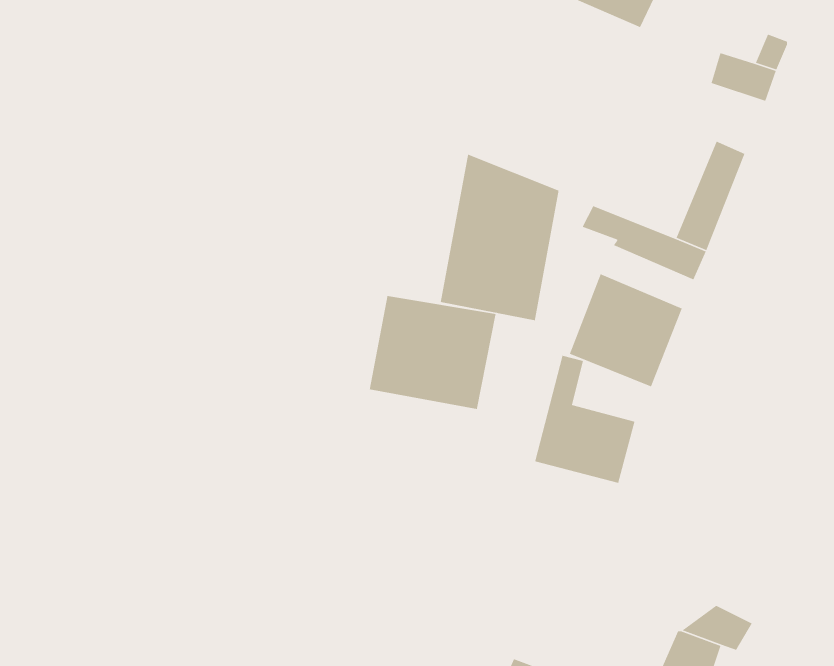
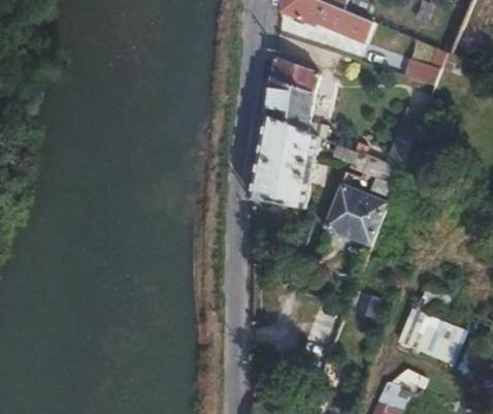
building: none -> [266,57,327,138]
building: [369,295,497,410] -> none
building: [534,355,636,484] -> [405,289,462,361]

